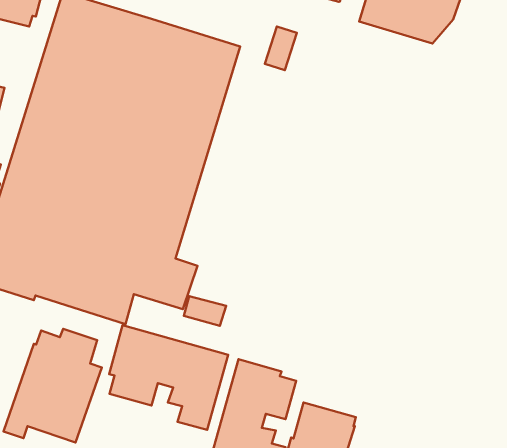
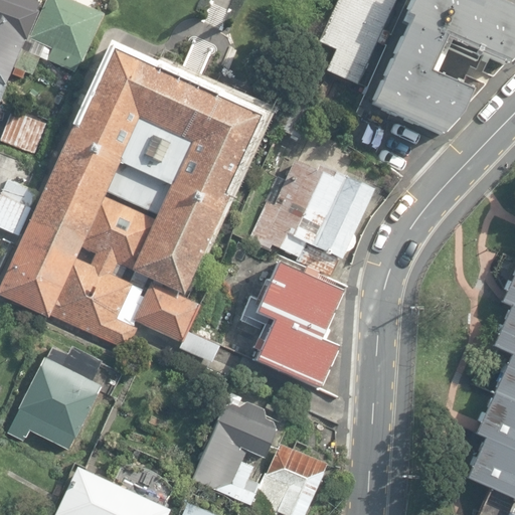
building: none -> [247,160,373,275]
building: none -> [254,261,342,388]
building: [109,325,228,430] -> none

